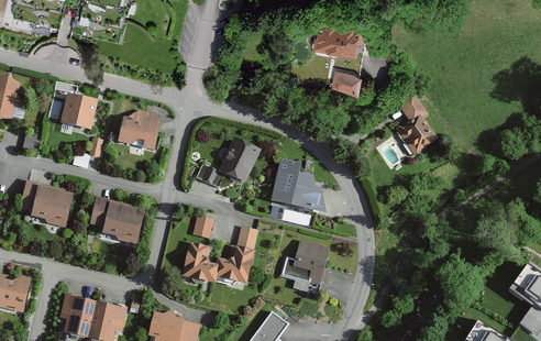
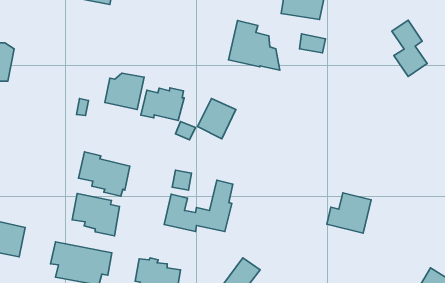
building: [395,89,433,151] -> [392,20,427,77]
building: [60,94,97,129] -> none
building: none -> [141,88,184,121]
building: [273,158,329,212] -> [229,21,280,70]
building: [20,179,71,226] -> [72,193,120,236]
building: [283,241,331,285] -> [327,193,371,233]

